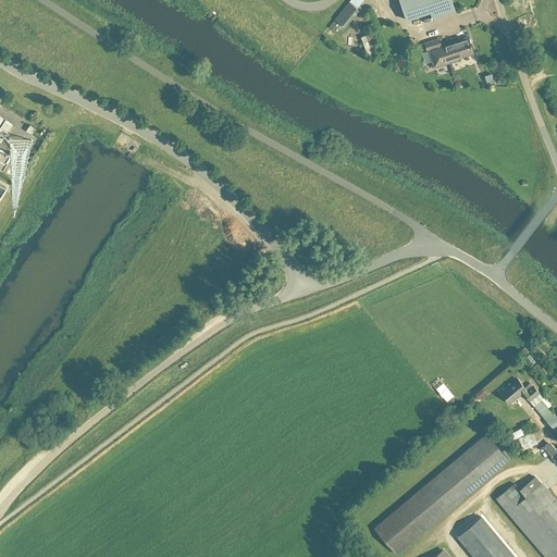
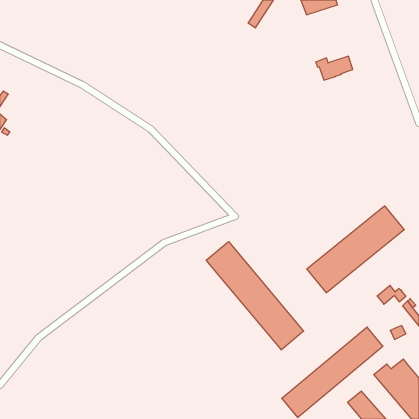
building: [423,36,472,67] -> [316,56,353,80]
building: none -> [307,206,404,293]
building: none -> [206,242,304,350]

